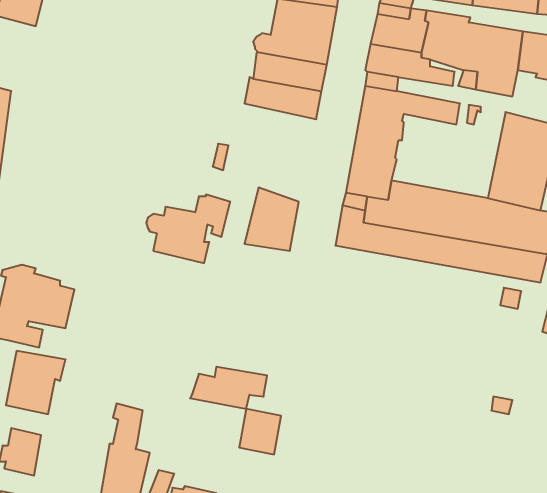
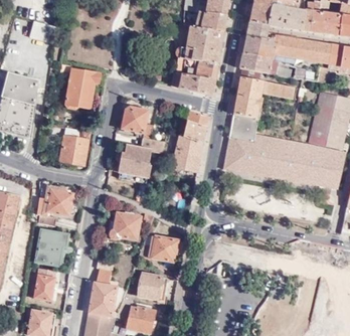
building: none -> [59,63,101,109]
building: none -> [120,106,152,140]
building: none -> [177,111,208,143]
building: none -> [59,128,91,165]
building: none -> [105,212,141,241]
building: [239,409,281,454] -> [138,273,162,299]

